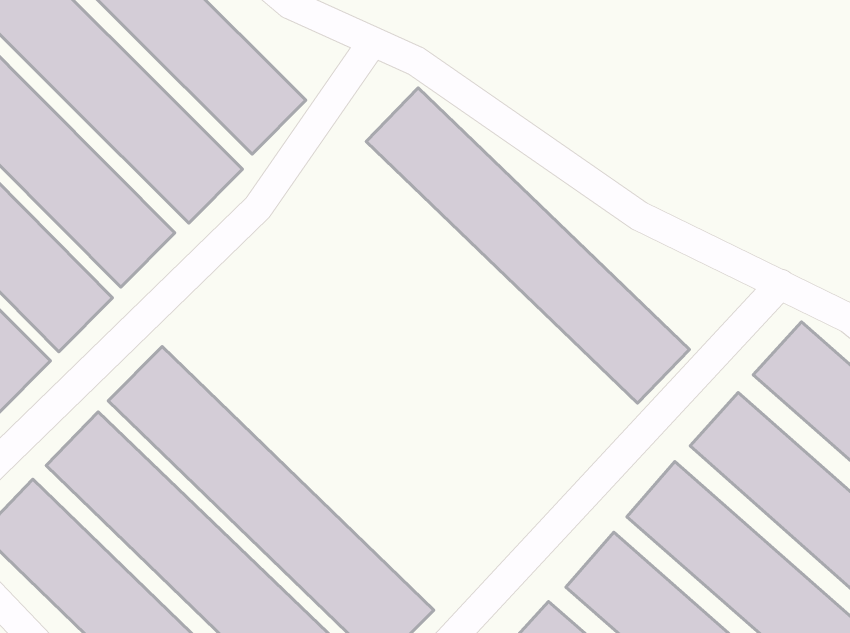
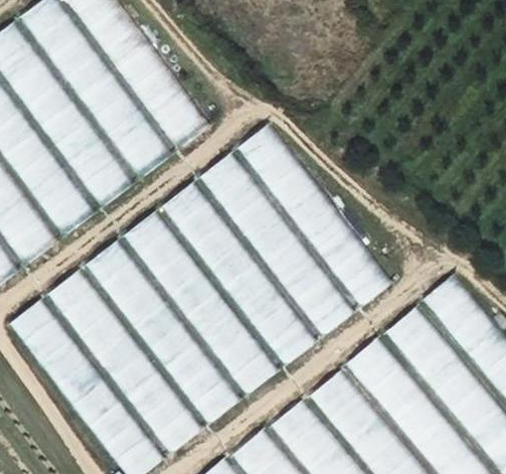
building: none -> [199,153,353,335]
building: none -> [160,182,314,364]
building: none -> [122,212,276,393]

